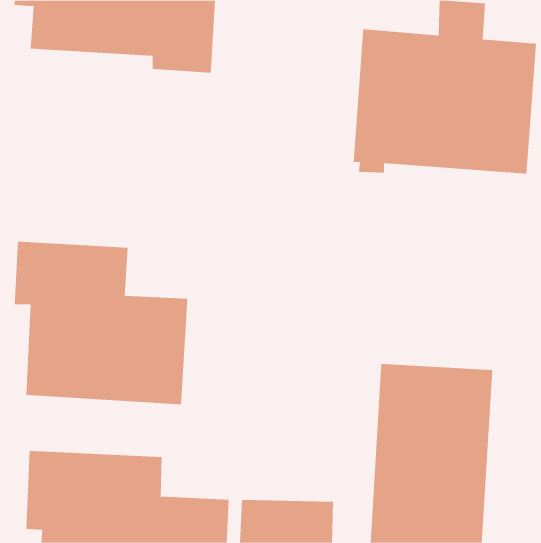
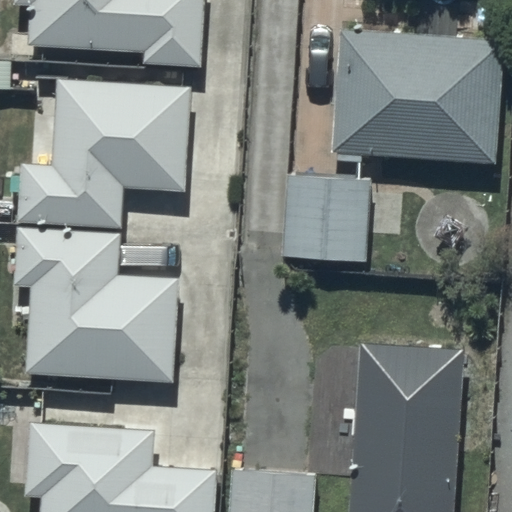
building: none -> [17,79,191,227]
building: none -> [281,175,371,264]

